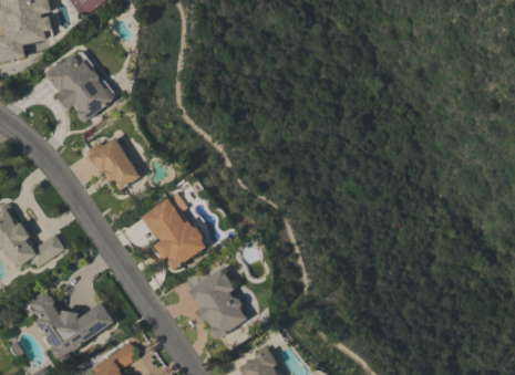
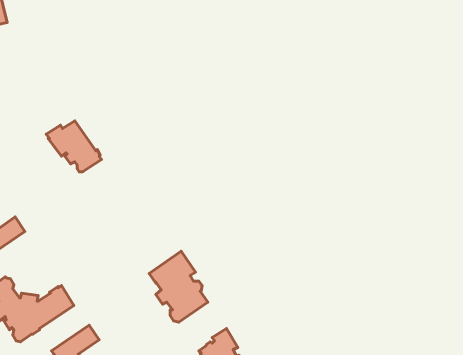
building: [44,52,113,121] -> none
building: [141,192,206,269] -> none

